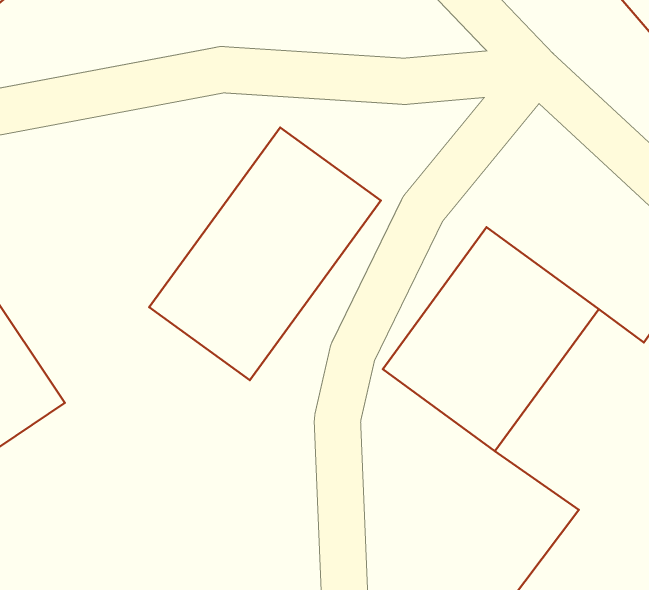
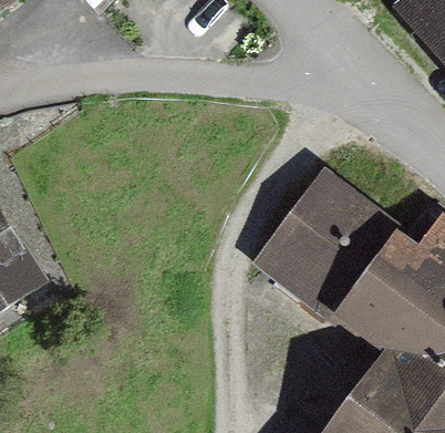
building: [149,128,381,380] -> none

